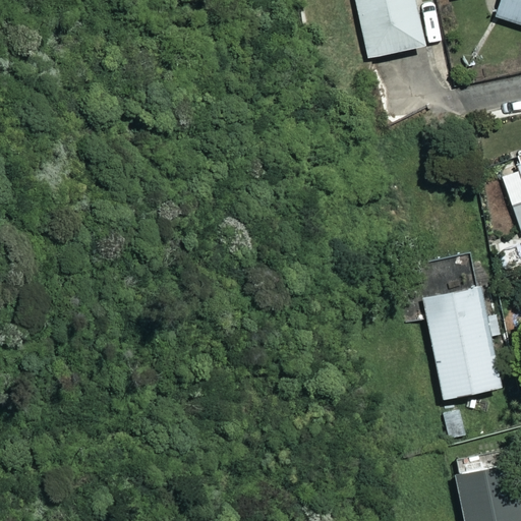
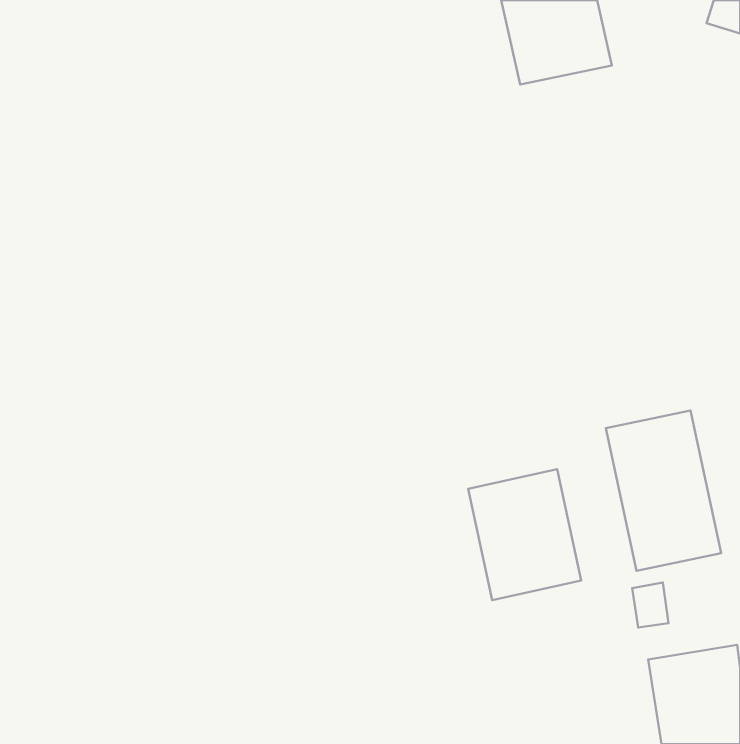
building: none -> [468,469,581,600]

